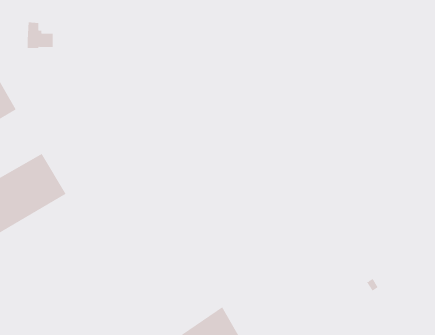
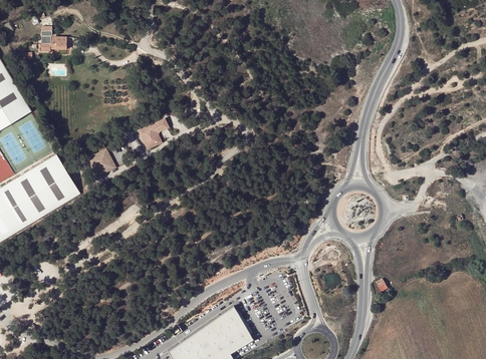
building: none -> [138,117,169,149]
building: none -> [86,148,115,177]

